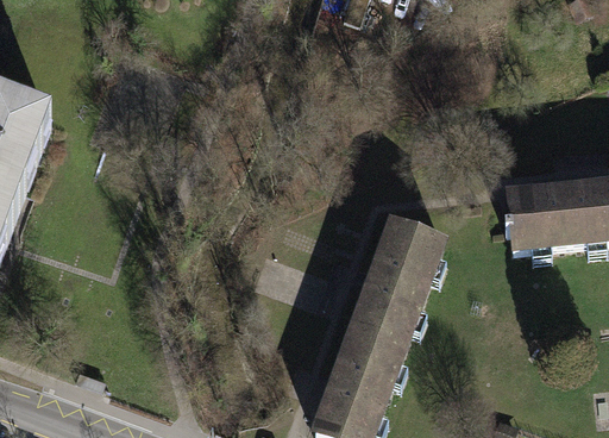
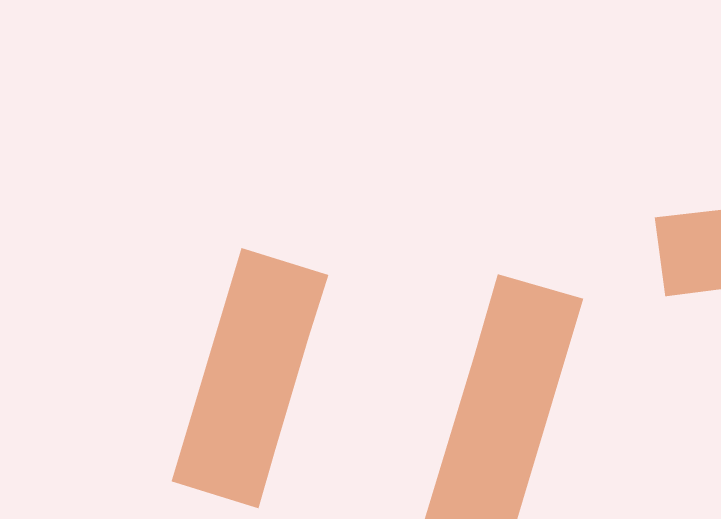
building: none -> [171,247,329,509]

